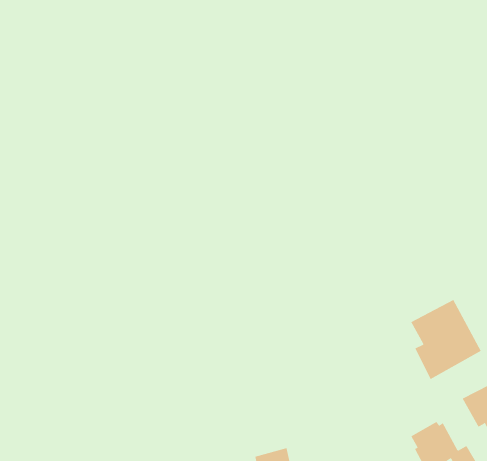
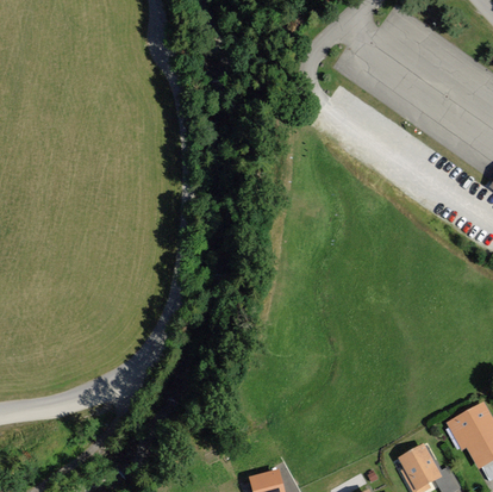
building: [410,299,481,380] -> none

